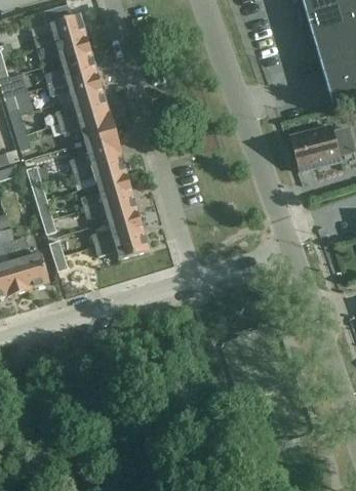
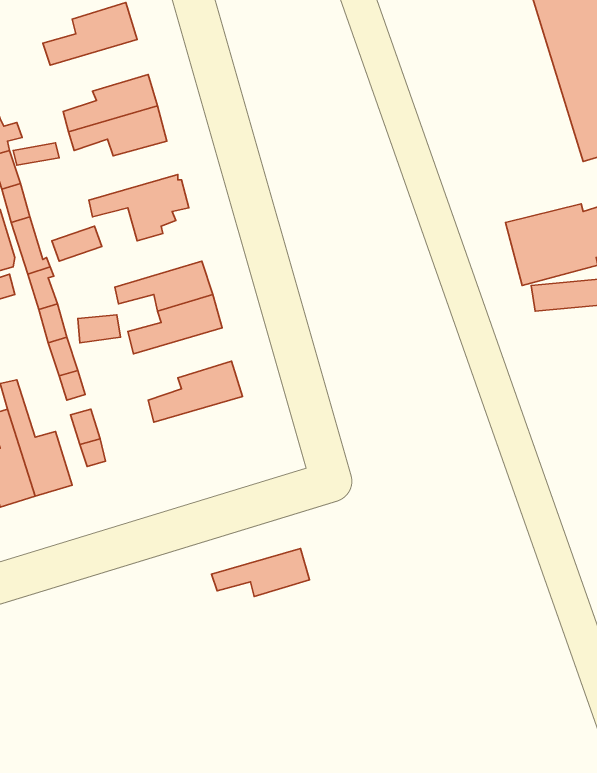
building: [37,34,91,63] -> none
building: [54,90,108,123] -> none
building: [69,127,121,171] -> none
building: [83,194,137,221] -> none
building: [94,232,149,258] -> [212,548,310,596]

